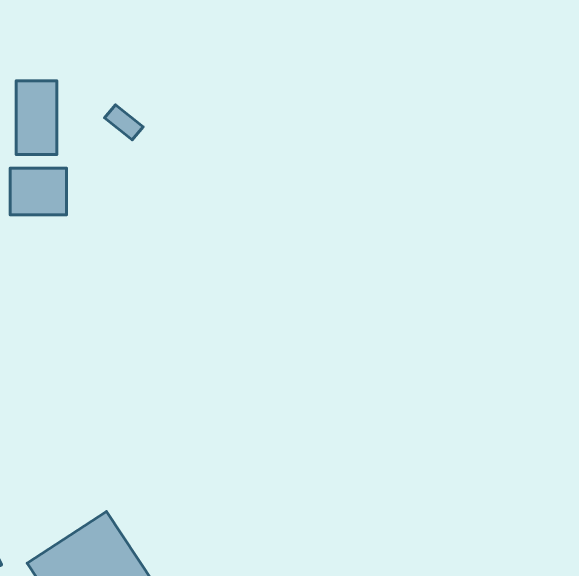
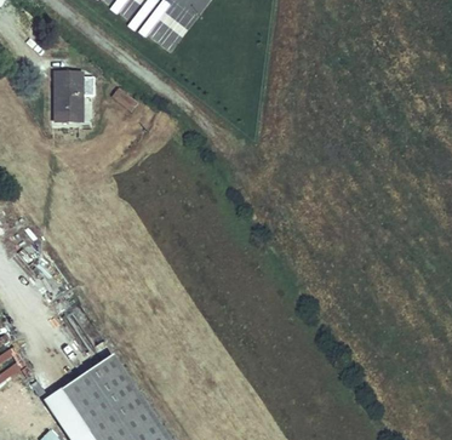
building: [10,168,67,215] -> none

